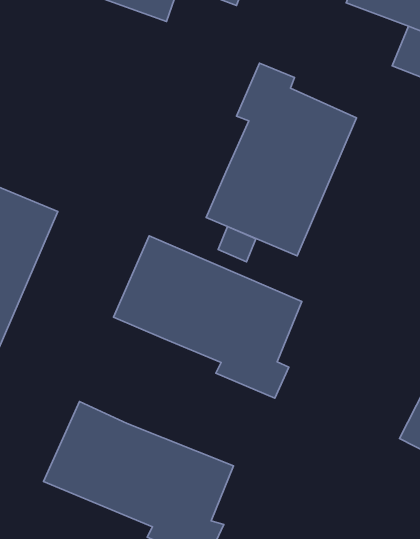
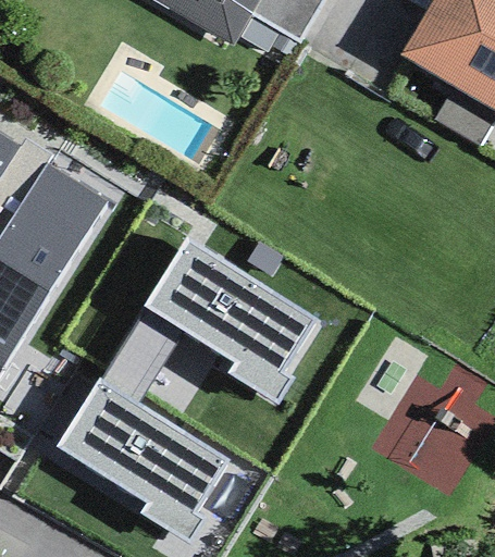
building: [206,63,357,256] -> none
building: none -> [98,306,184,405]

